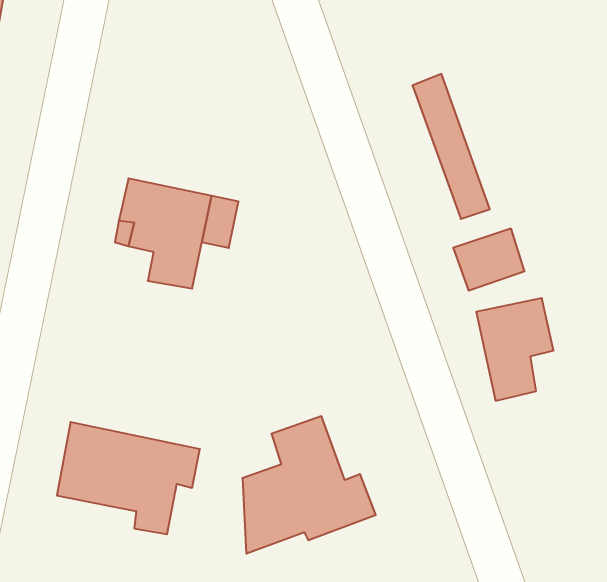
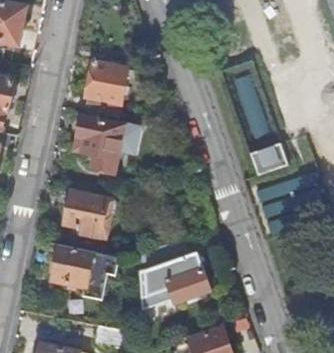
building: none -> [85,61,129,118]
building: none -> [66,191,114,236]

